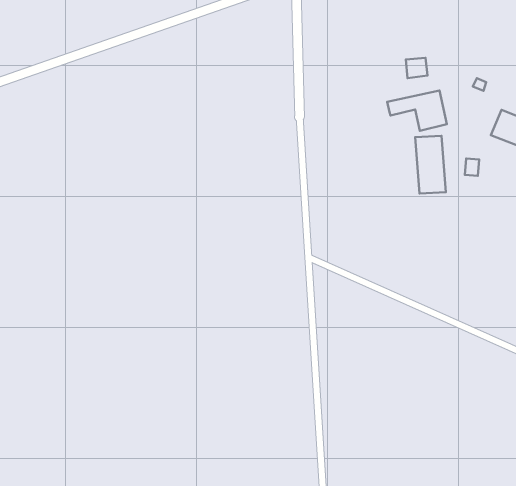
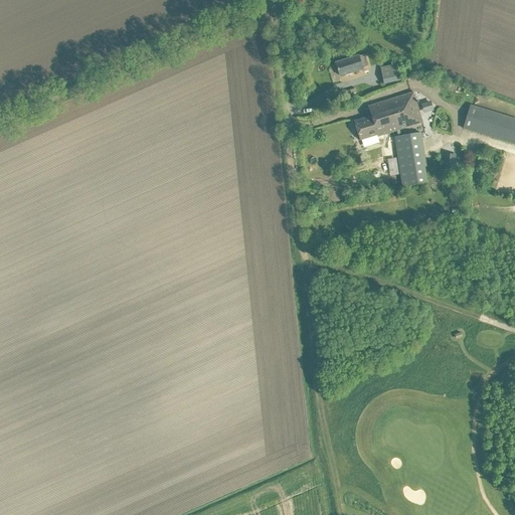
building: none -> [334,52,363,73]
building: none -> [354,111,398,138]

